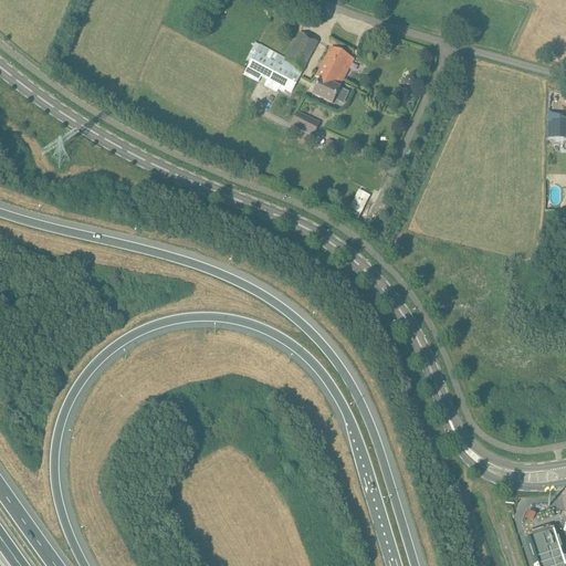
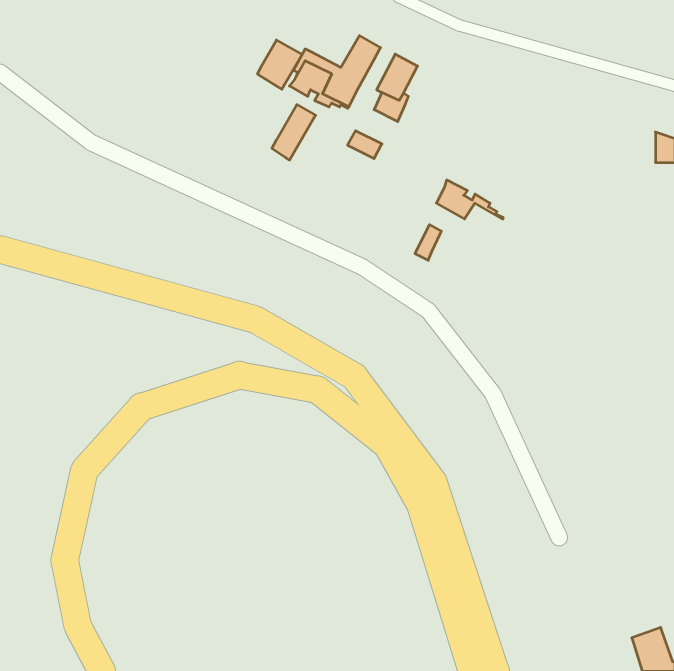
building: none -> [258,40,302,89]
building: none -> [272,105,316,160]
building: none -> [436,180,503,219]

